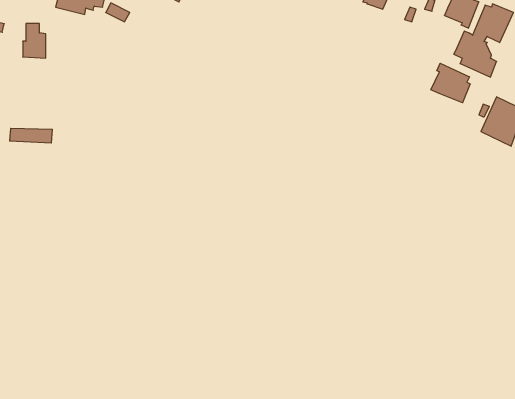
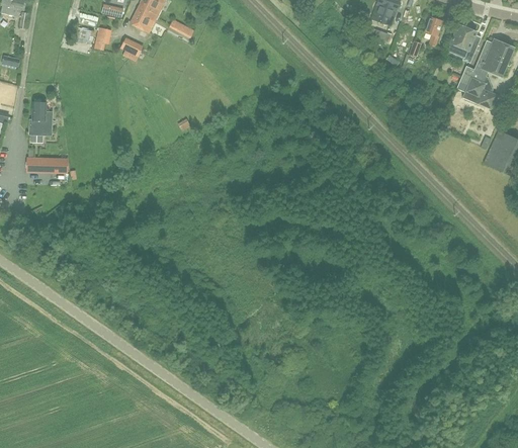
building: [23,24,46,58] -> [29,101,52,135]
building: [431,63,470,103] -> none

